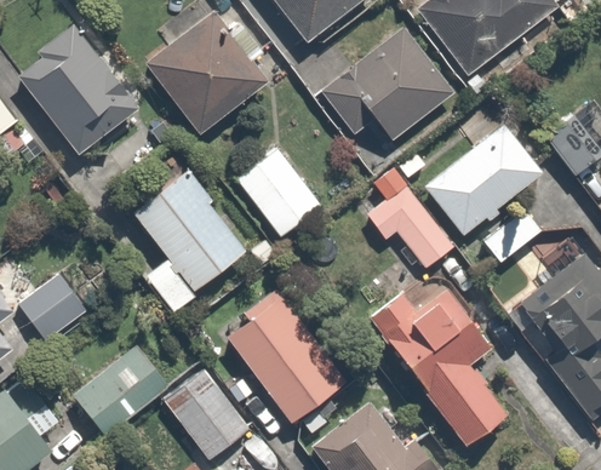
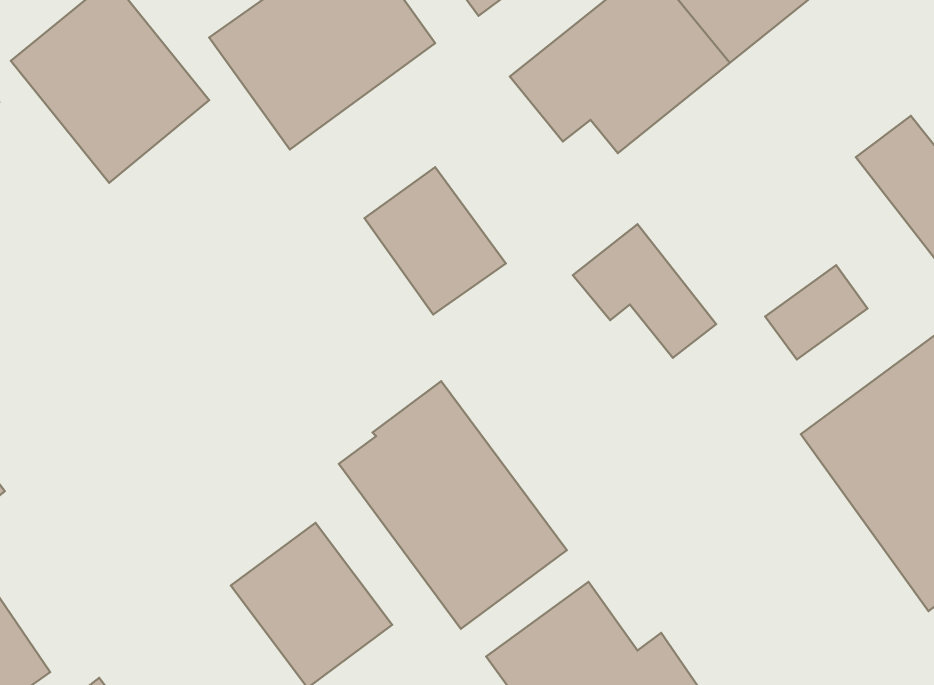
building: [418,119,545,237] -> none
building: [127,156,256,310] -> none
building: [342,262,515,448] -> none
building: [19,270,97,346] -> none
building: [61,343,160,434] -> none

